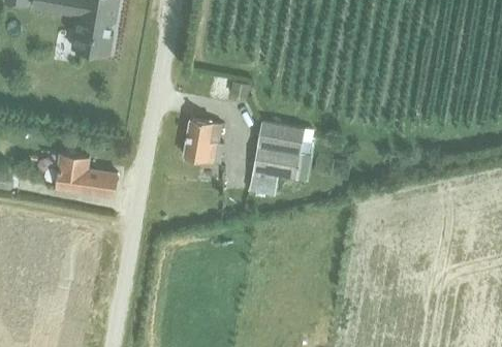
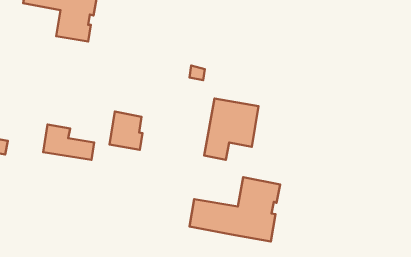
building: [185,117,224,162] -> [110,112,143,150]
building: none -> [189,177,280,241]

